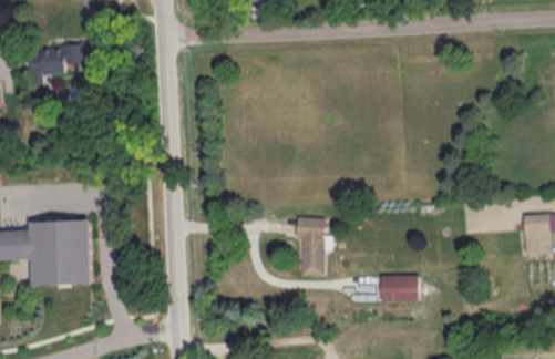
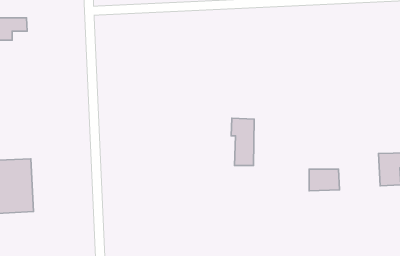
building: [295,216,323,275] -> [231,118,254,165]
building: [380,275,418,301] -> [309,169,339,191]

